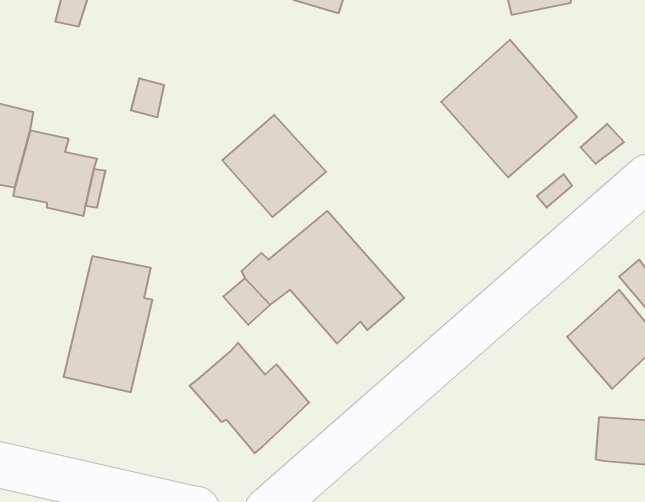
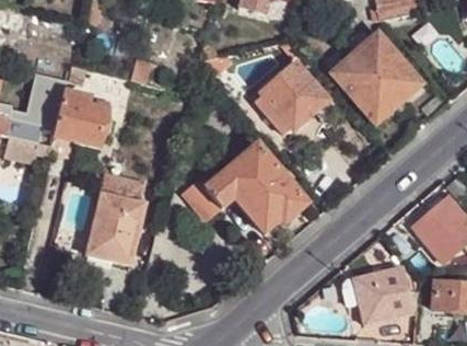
building: [222,115,326,217] -> [260,61,328,128]
building: [190,343,309,453] -> none
building: none -> [346,265,412,324]

